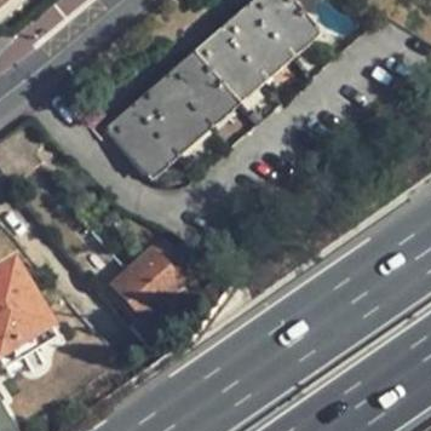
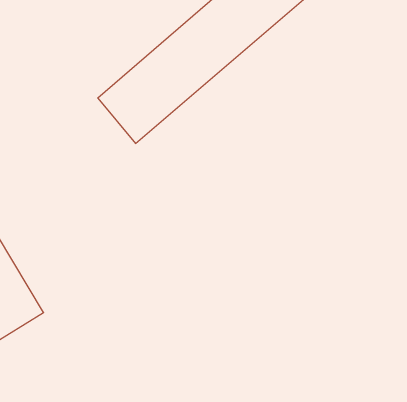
building: [111,246,180,314] -> none

